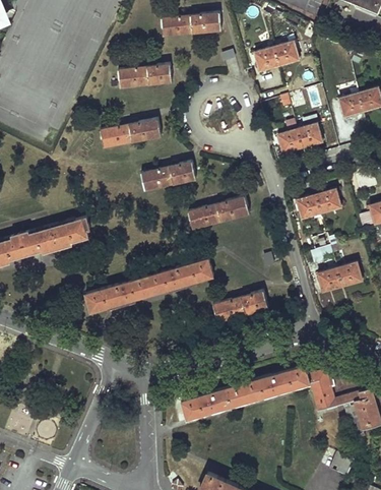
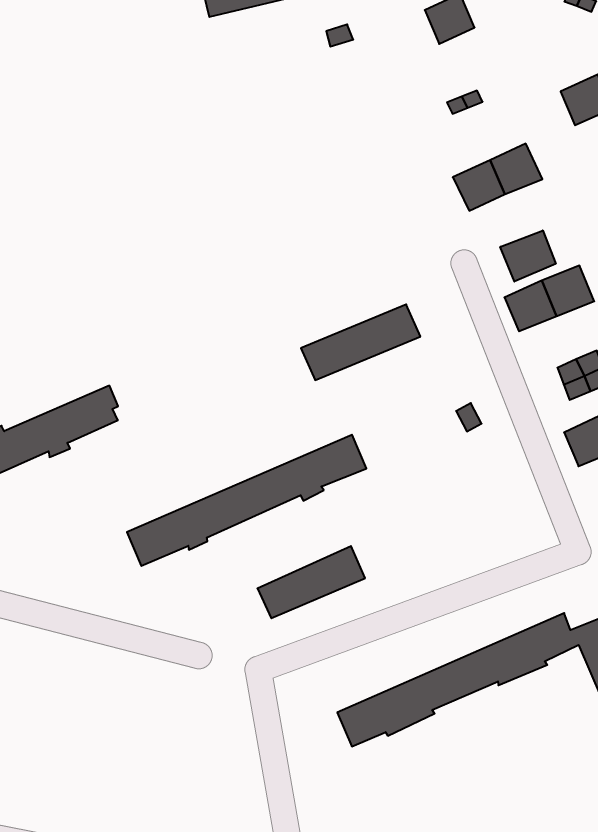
building: [254,48,278,71] -> none
building: [117,64,171,88] -> none
building: [99,119,161,147] -> none
building: [139,161,195,190] -> none
building: none -> [500,230,556,282]
building: [212,291,268,322] -> [257,546,365,618]

